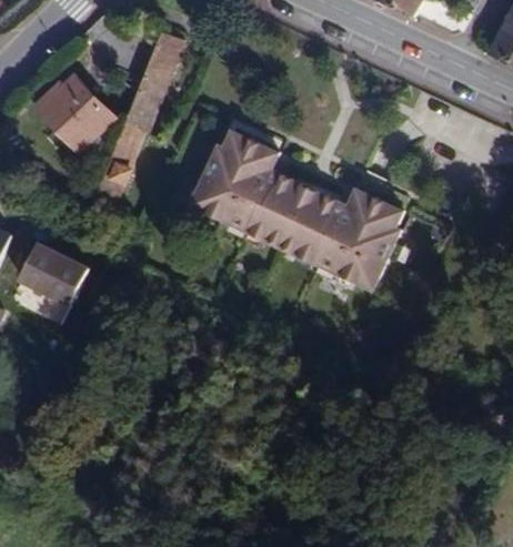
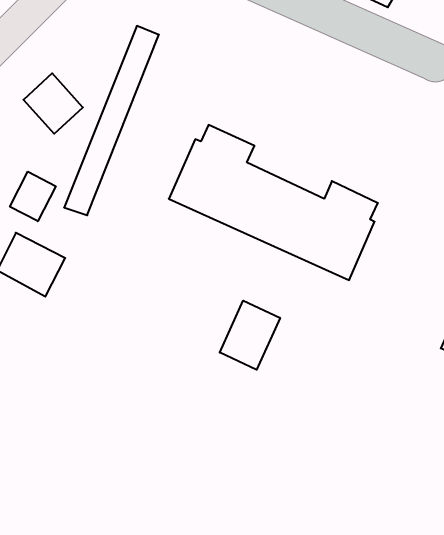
building: none -> [10,172,56,221]
building: none -> [220,301,280,370]

